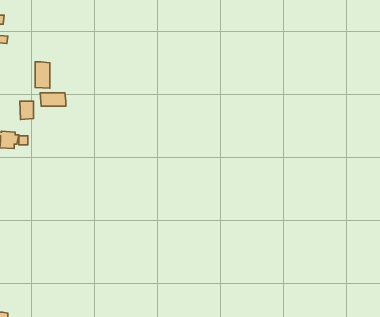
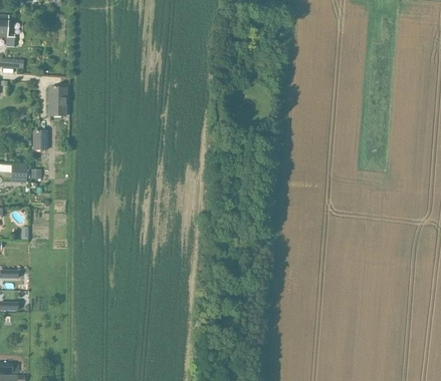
building: [40,93,66,106] -> none

